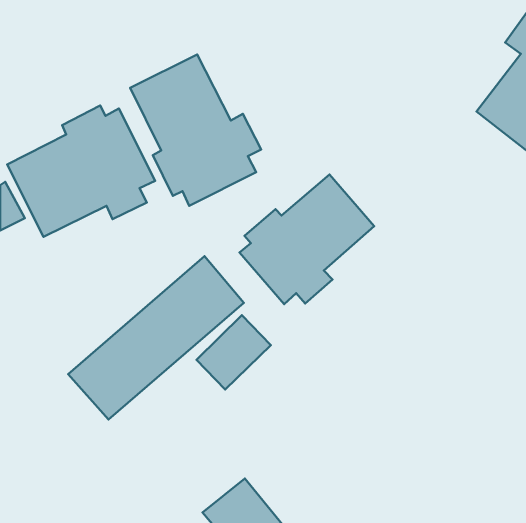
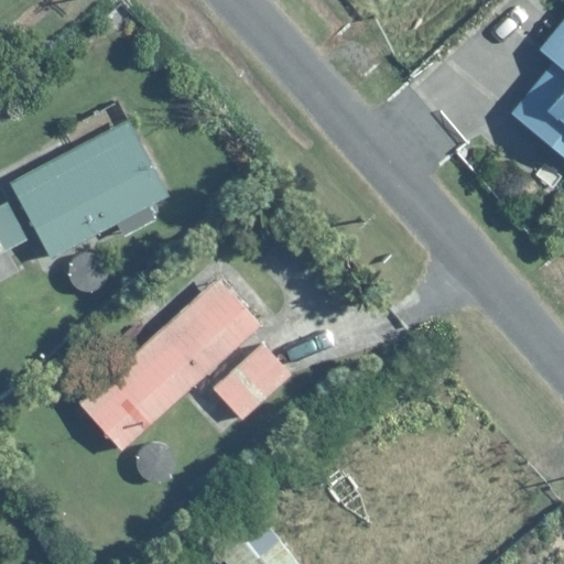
building: [130,54,261,206] -> none
building: [239,175,374,304] -> none

